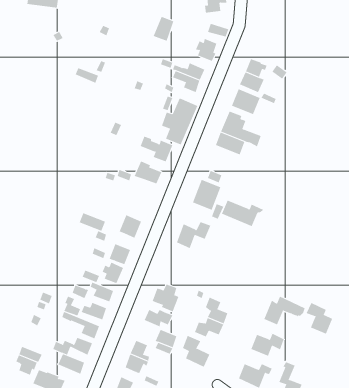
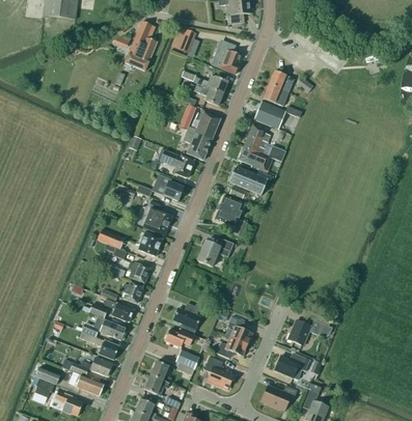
building: none -> [125,21,157,71]
building: none -> [141,209,171,235]
building: [221,200,264,227] -> [228,167,273,195]
building: [306,302,333,335] -> none

